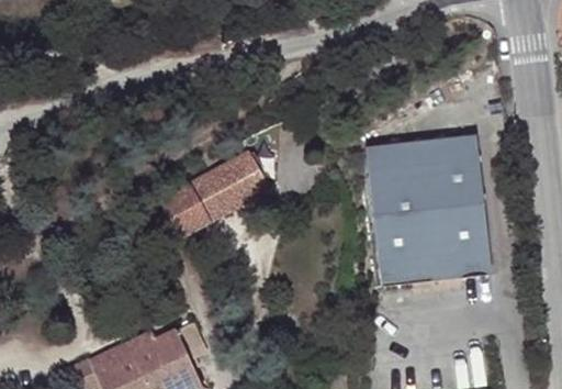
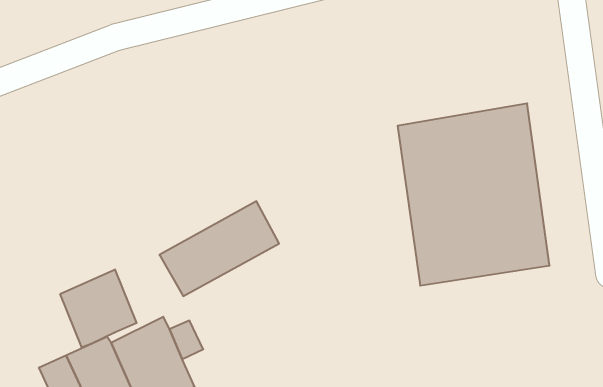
building: [158,156,263,240] -> [159,201,279,296]
building: none -> [60,269,137,348]

